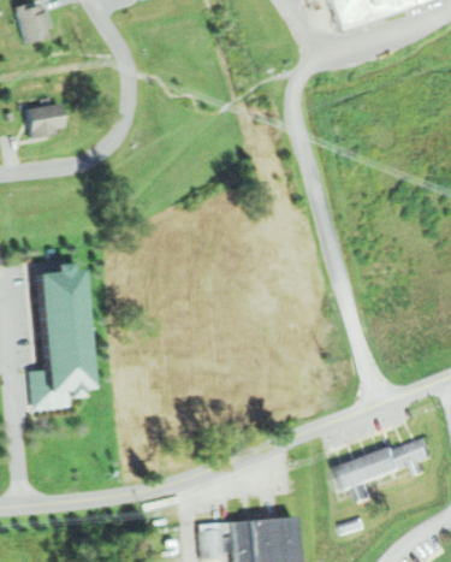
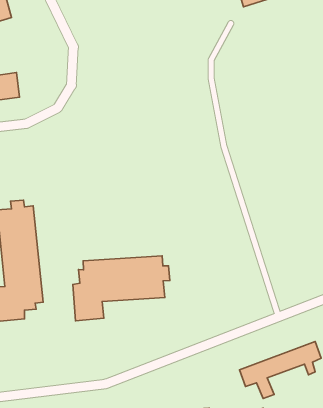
building: none -> [73,256,170,321]

